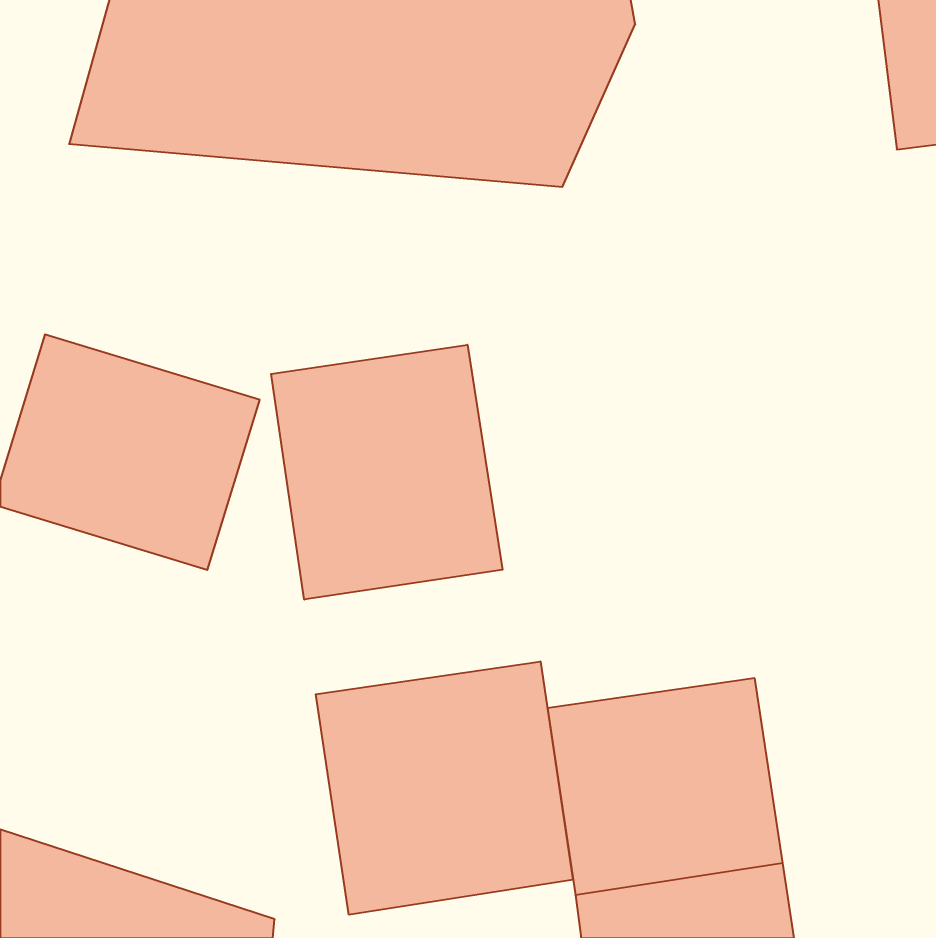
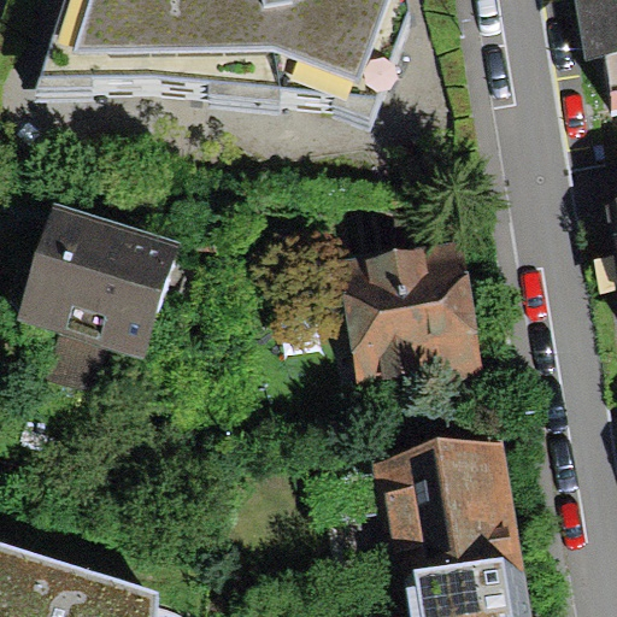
building: none -> [348,206,481,368]
building: [271,345,503,600] -> none
building: [316,661,573,915] -> none

